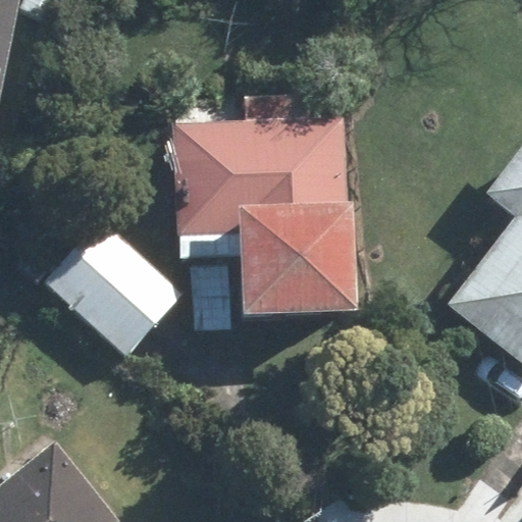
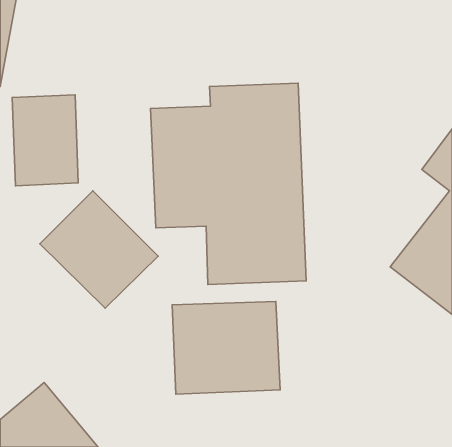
building: none -> [12,95,78,186]
building: none -> [172,301,280,394]

